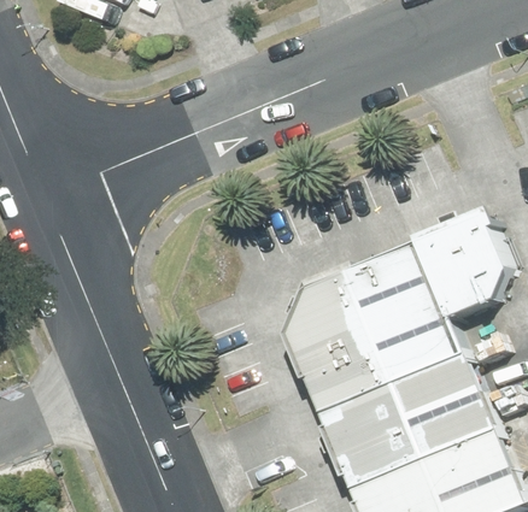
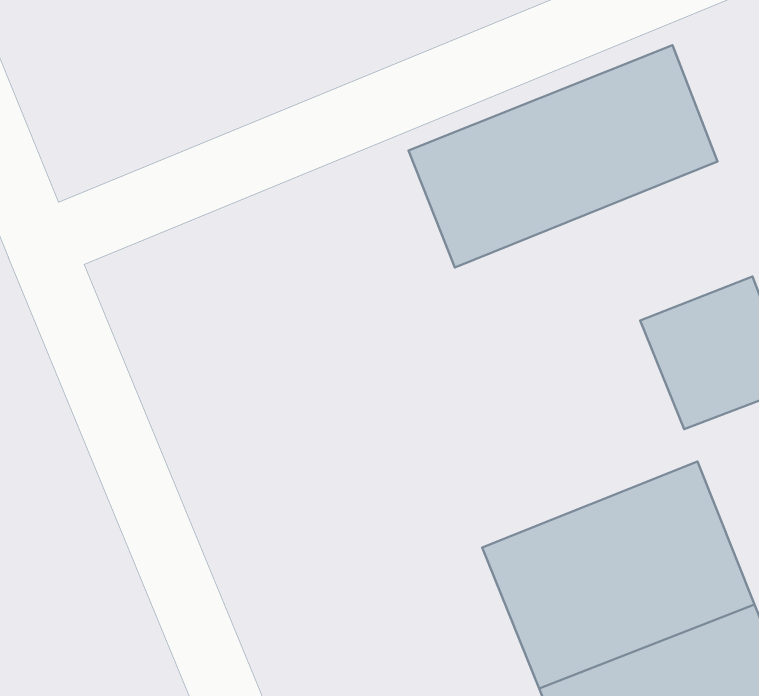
building: none -> [409,45,717,268]
building: [288,241,451,384] -> none

